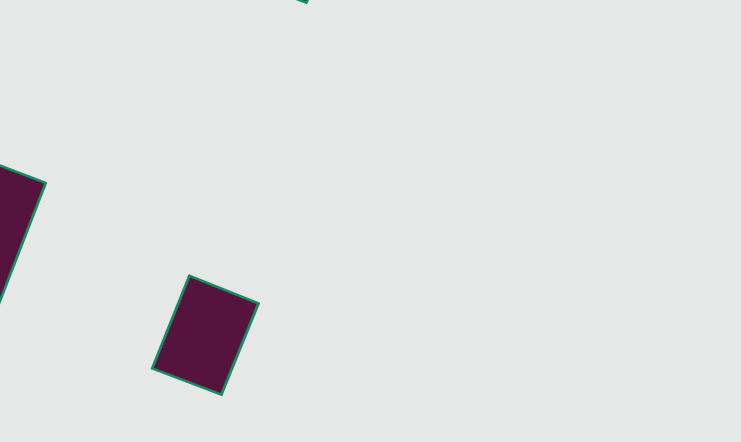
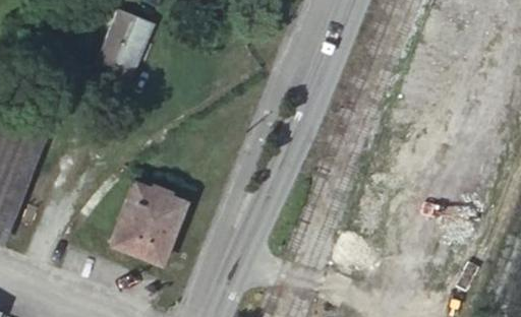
building: none -> [92,9,151,80]

